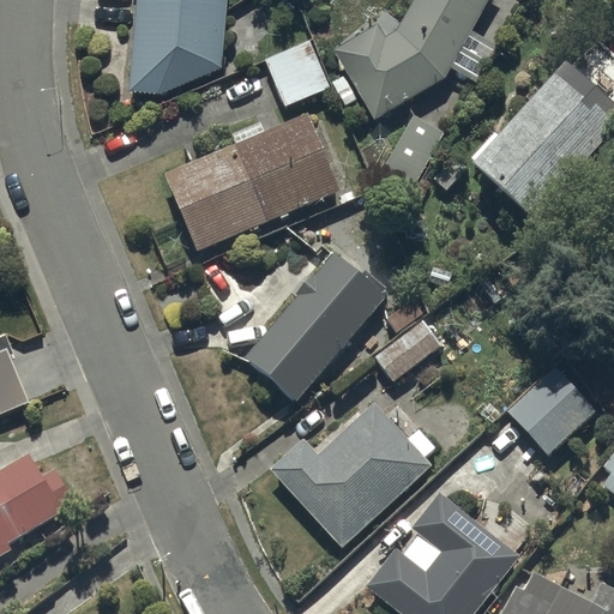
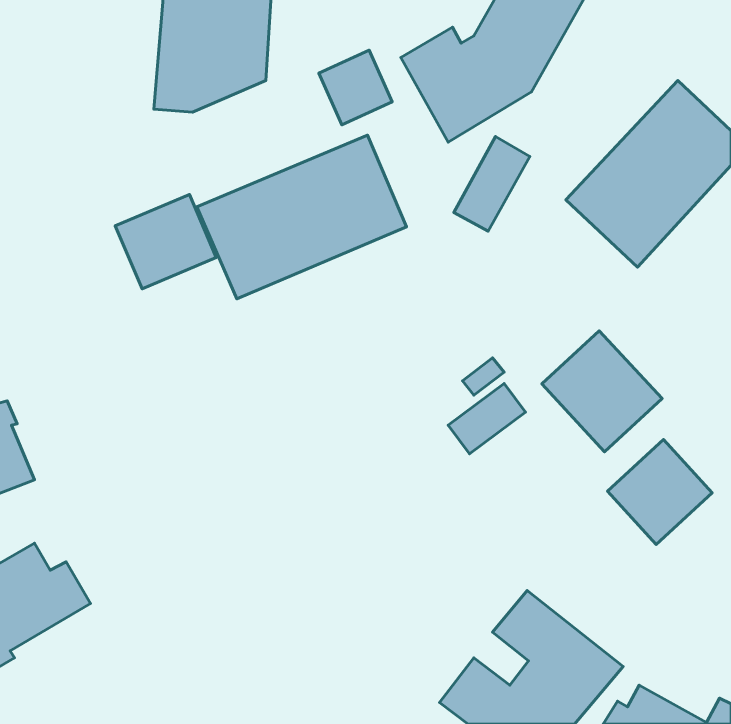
building: none -> [115,194,216,289]
building: [245,252,385,401] -> none
building: none -> [542,331,662,452]
building: [271,403,432,547] -> none

